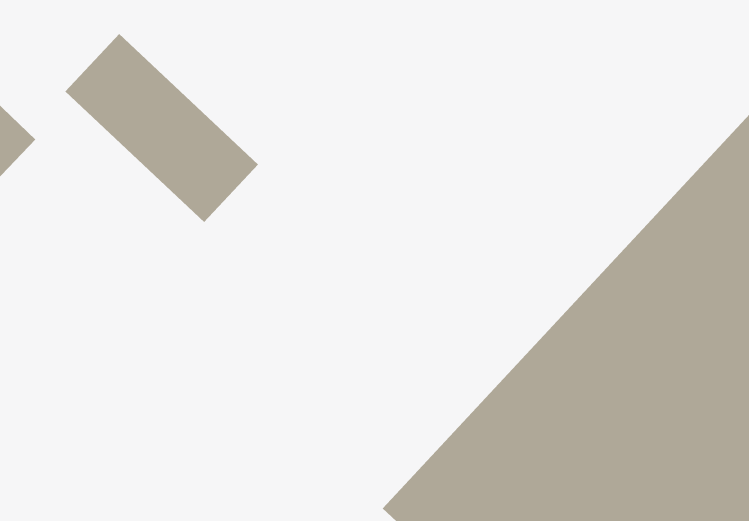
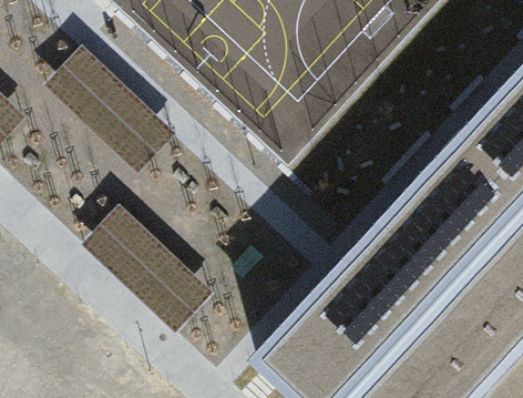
building: none -> [102,224,232,350]

